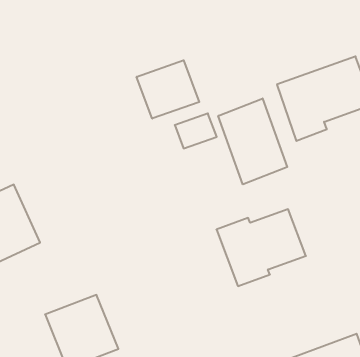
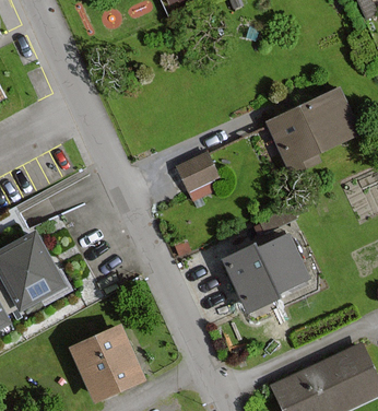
building: [137,60,199,119] -> none
building: [218,98,287,184] -> none

